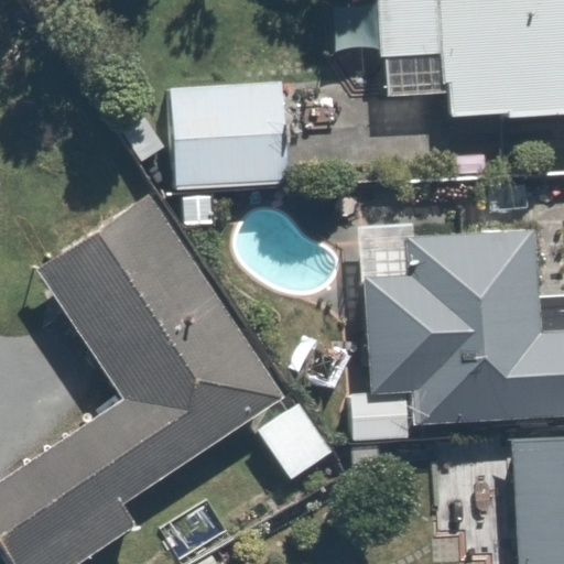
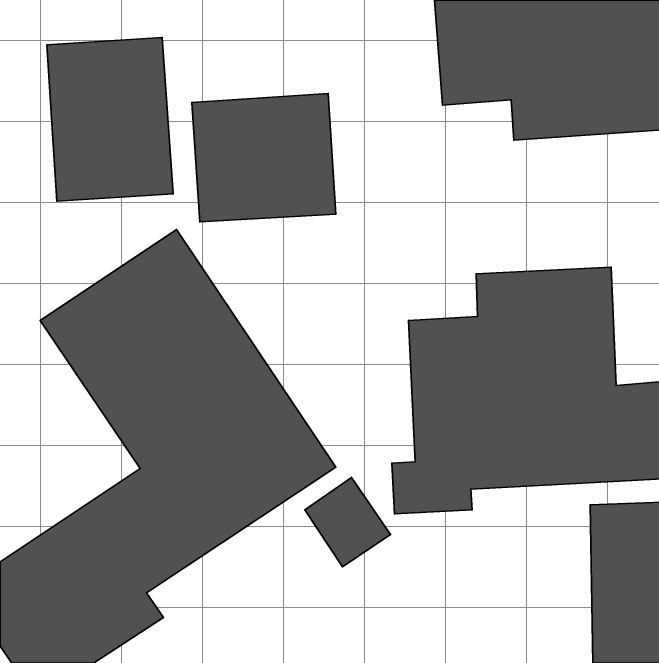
building: none -> [47,38,173,201]

